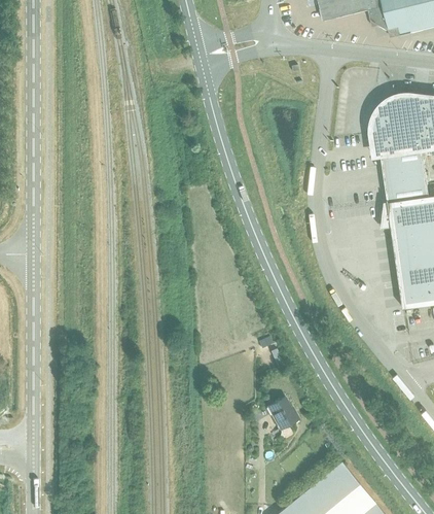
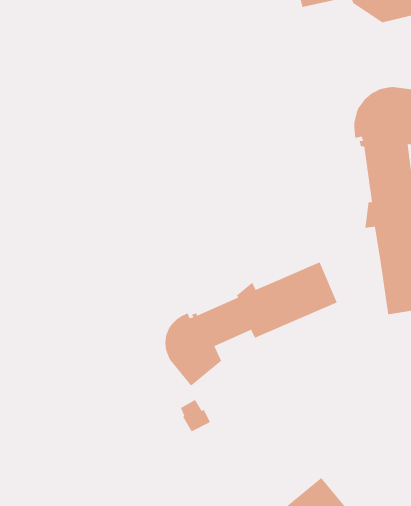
building: none -> [165,262,337,386]
building: [268,398,297,429] -> [180,399,211,432]

